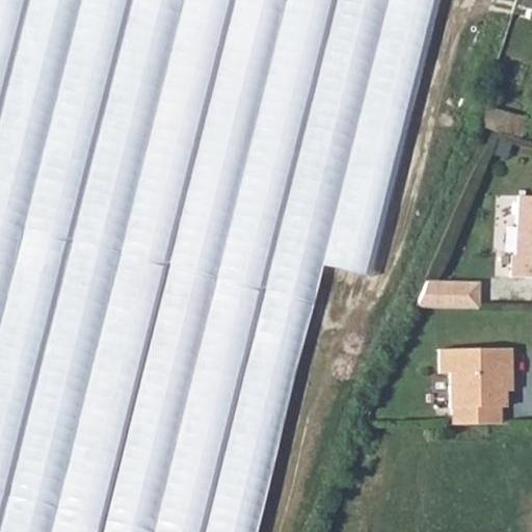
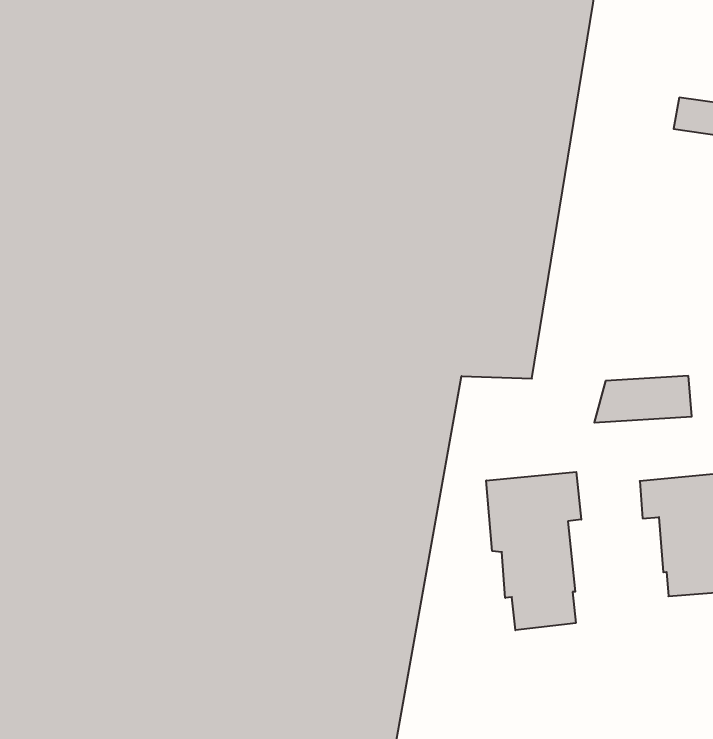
building: none -> [486,472,581,630]

